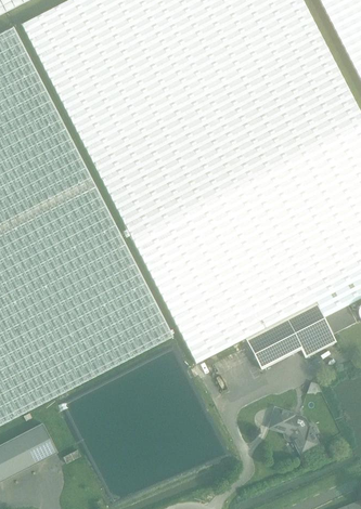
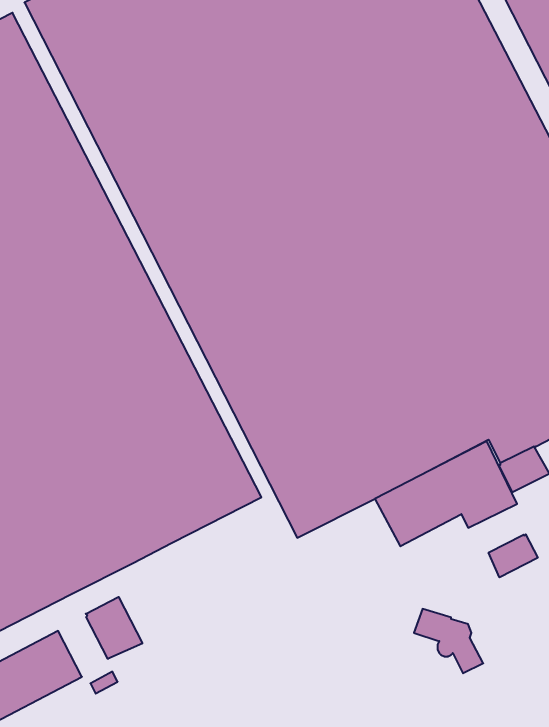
building: none -> [489,534,538,577]
building: none -> [86,597,142,659]

